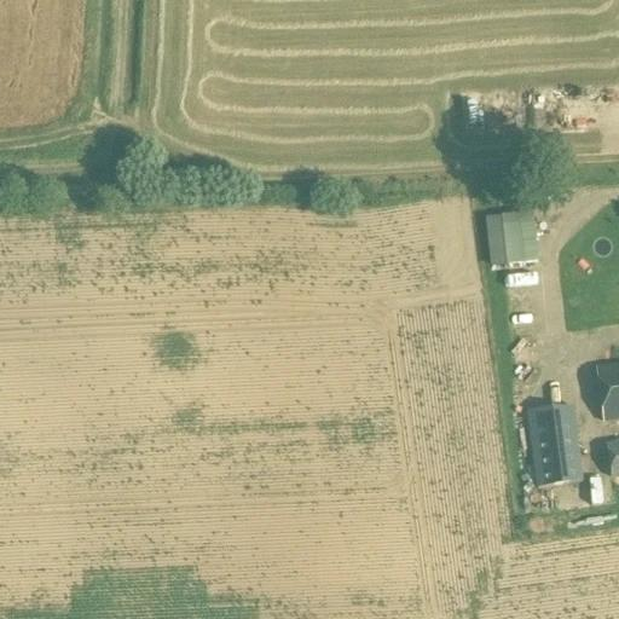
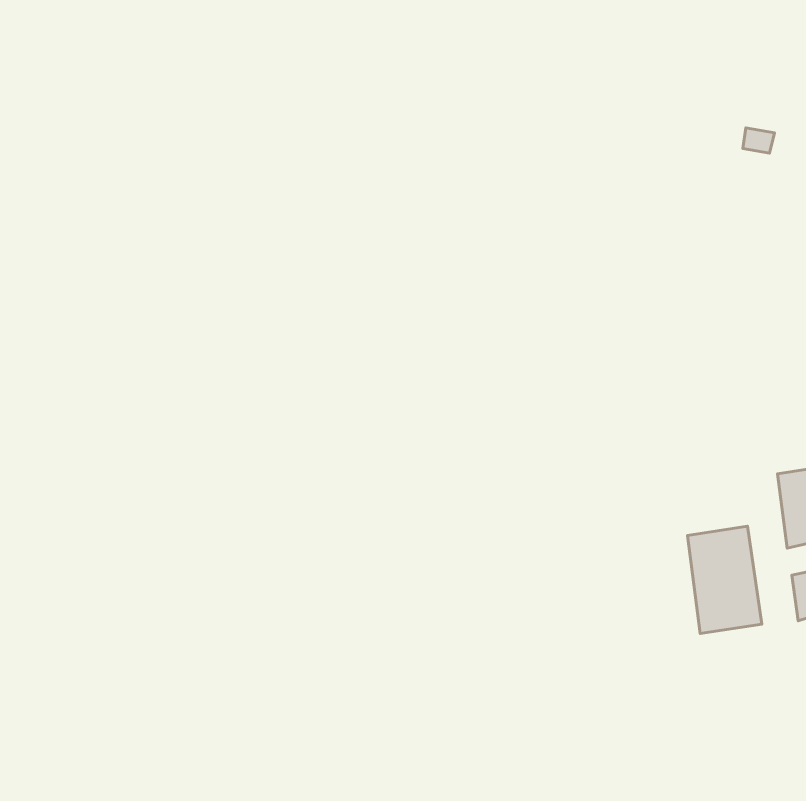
building: [486,209,539,265] -> none

